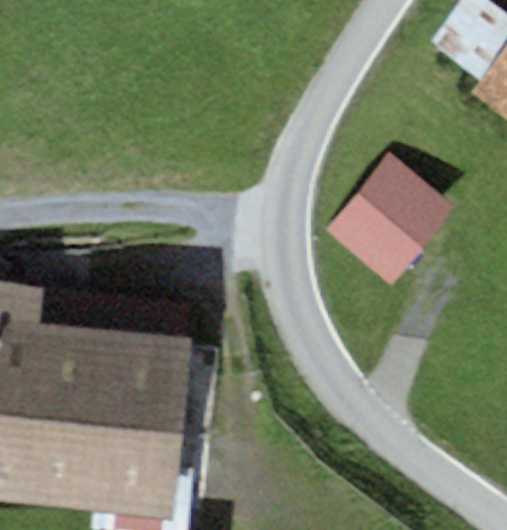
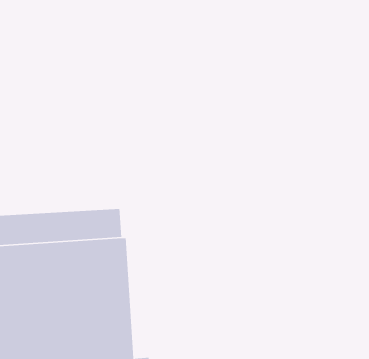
building: [324,153,455,285] -> none

